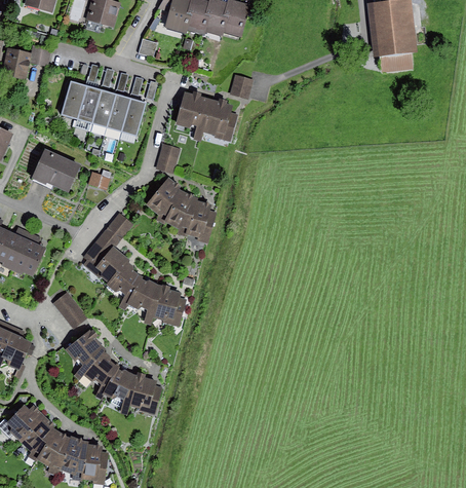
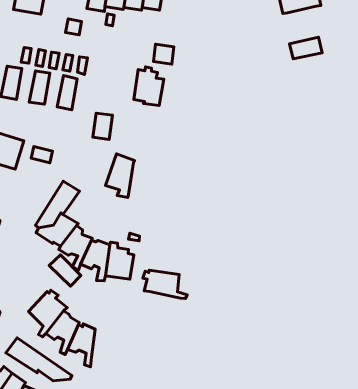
building: [379,51,413,72] -> [290,37,322,59]
building: [77,85,101,122] -> none
building: [176,90,211,140] -> none
building: [107,93,130,130] -> none
building: [146,177,180,223] -> none
building: [187,199,218,242] -> none
building: [54,293,87,328] -> [49,255,81,286]
building: none -> [143,270,187,299]
building: [128,371,162,414] -> none
building: none -> [6,338,72,381]

